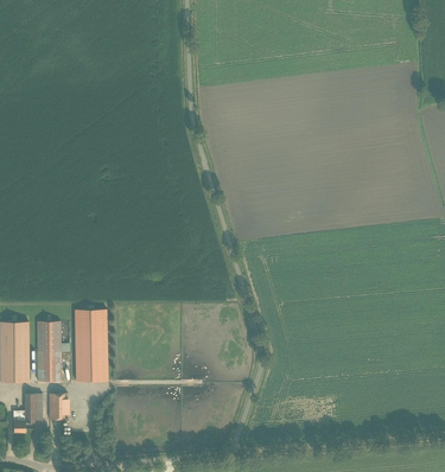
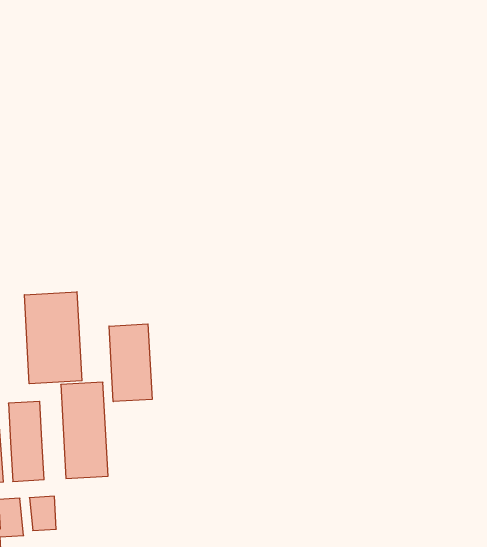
building: none -> [24,292,82,384]
building: none -> [109,324,152,402]

